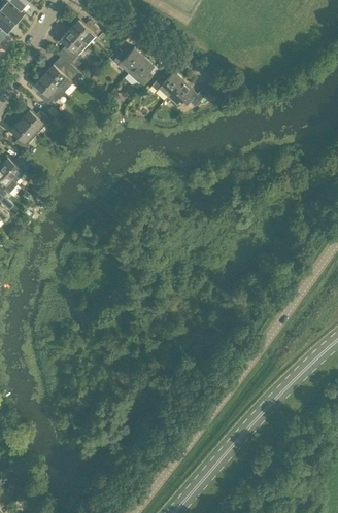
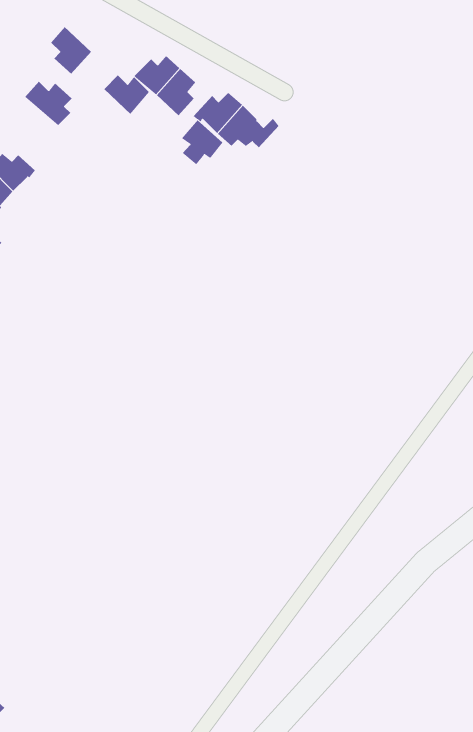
building: [68,21,98,46] -> [103,75,150,115]
building: [34,75,64,105] -> none
building: none -> [181,120,223,165]

